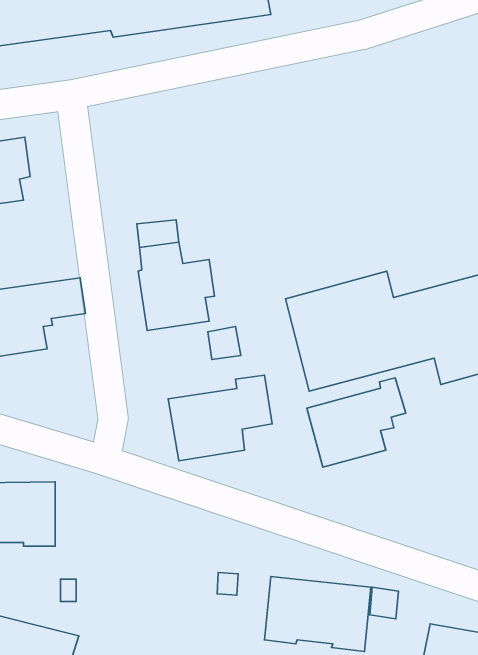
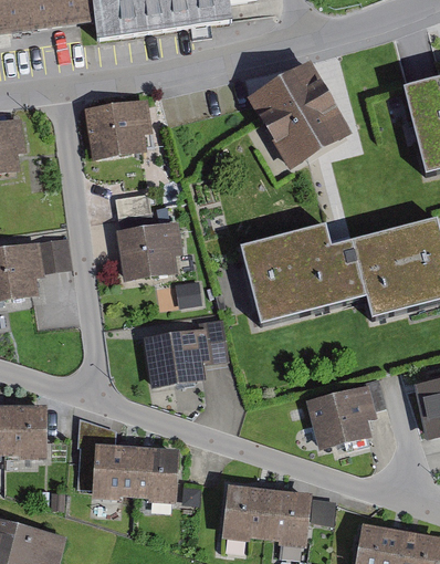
building: none -> [248,63,353,171]
building: none -> [84,96,155,159]
building: [307,378,406,467] -> [305,374,388,449]
building: none -> [77,414,179,504]

